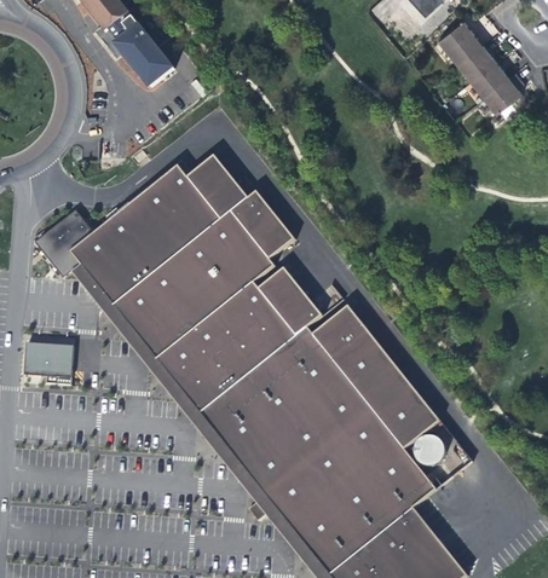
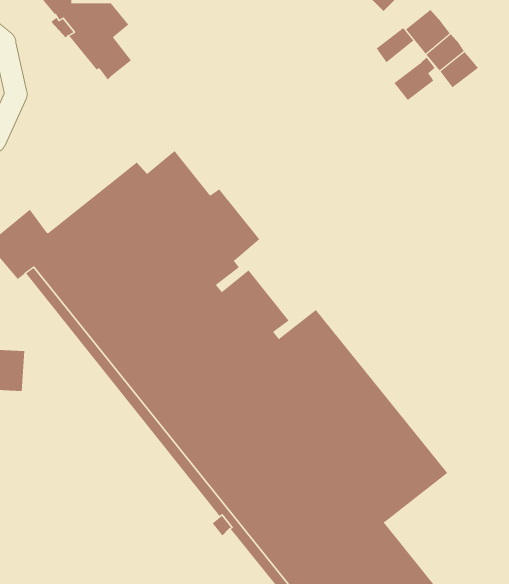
building: none -> [376,27,414,63]
building: [478,69,518,111] -> [394,57,436,101]

